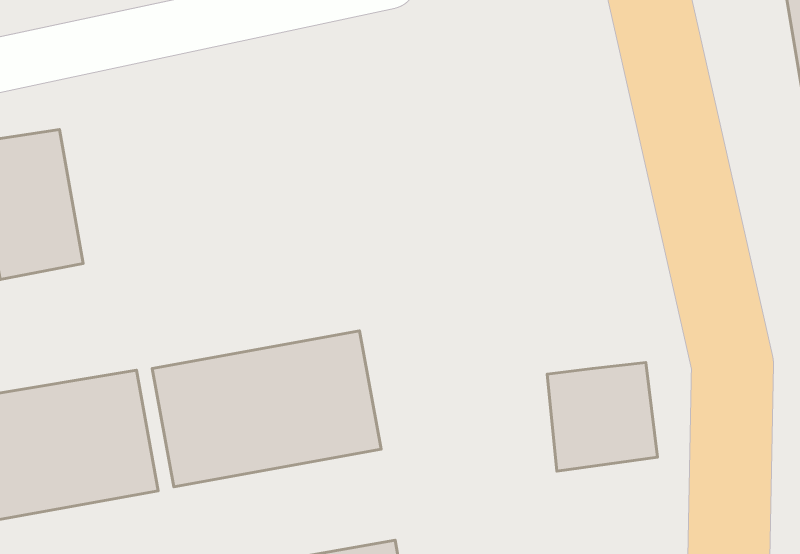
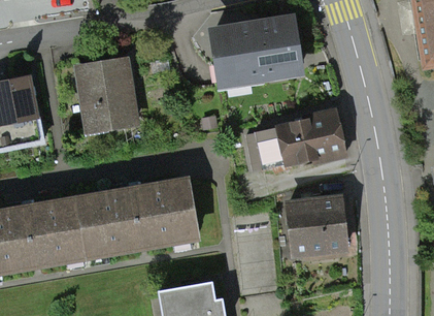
building: none -> [213,17,299,77]
building: none -> [76,57,142,137]
building: none -> [257,105,344,165]

